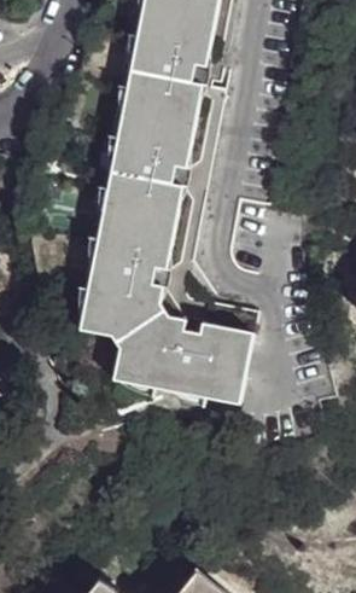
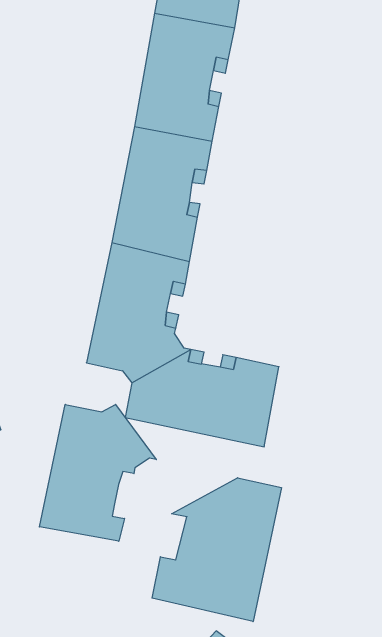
building: none -> [39,404,156,541]
building: none -> [152,478,281,622]

